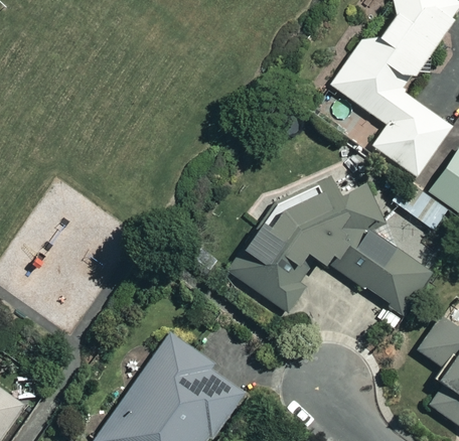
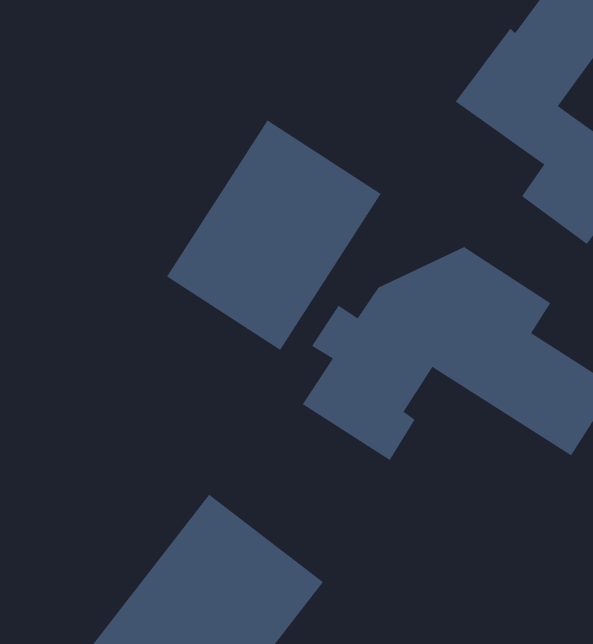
building: none -> [166,119,382,351]

